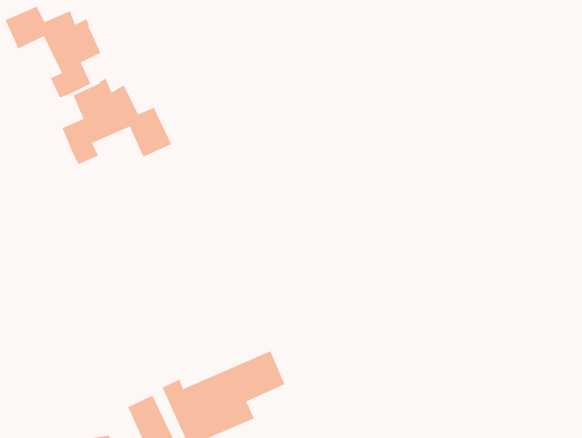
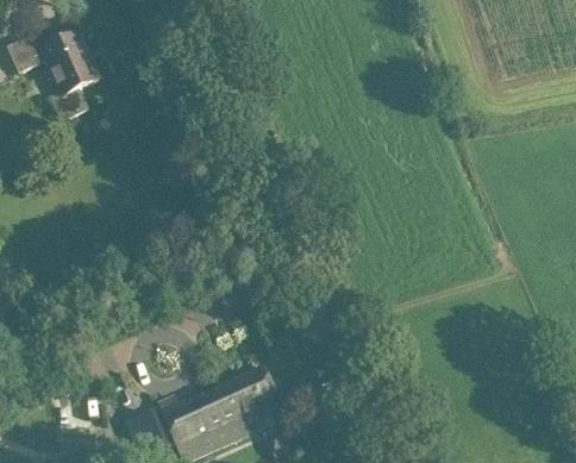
building: [61,78,172,165] -> none

